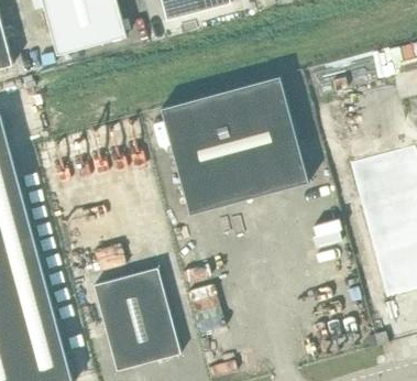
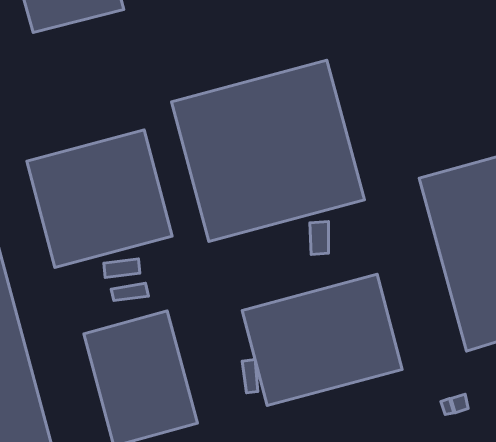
building: none -> [27,130,172,268]
building: none -> [242,274,402,406]

